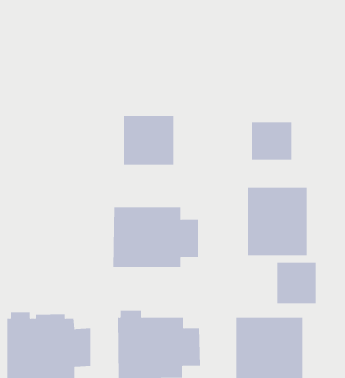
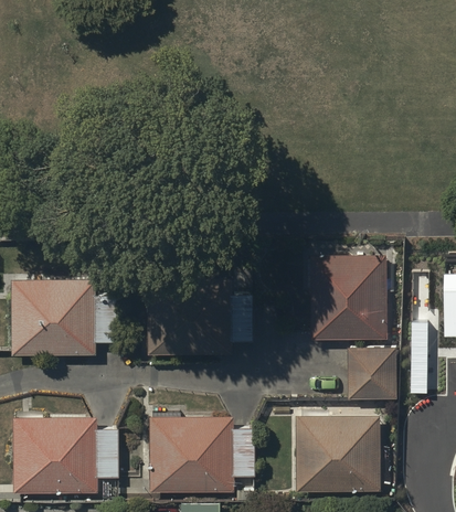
building: [123,115,174,165] -> none
building: [251,121,292,160] -> none
building: none -> [11,281,119,358]

